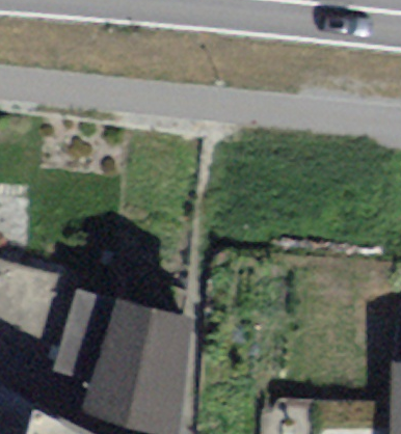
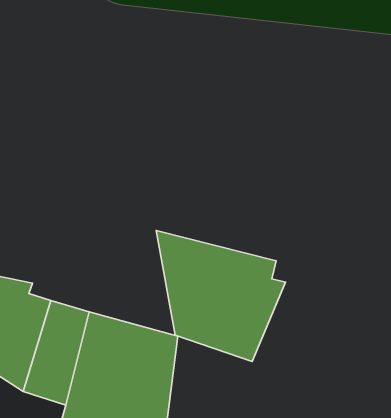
building: none -> [156,230,286,361]

